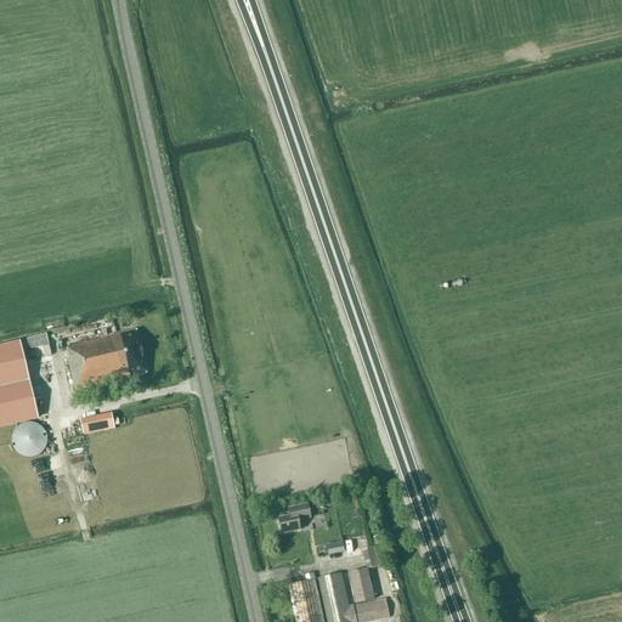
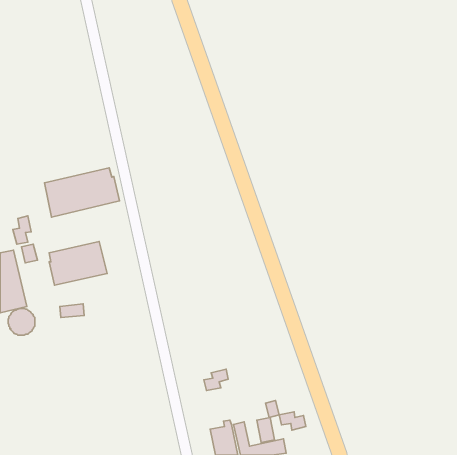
building: none -> [45,168,119,217]
building: none -> [13,216,31,244]
building: none -> [279,412,306,430]

